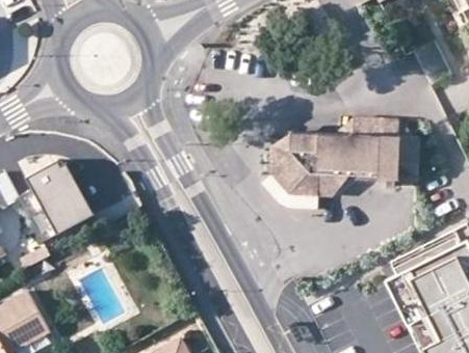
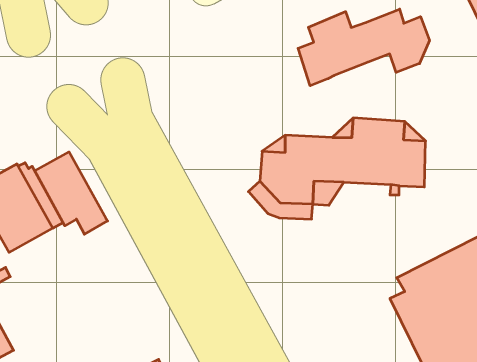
building: none -> [298,9,429,86]
building: none -> [35,152,108,234]

